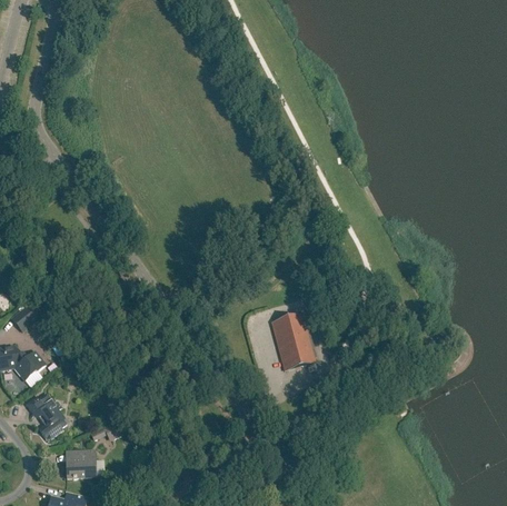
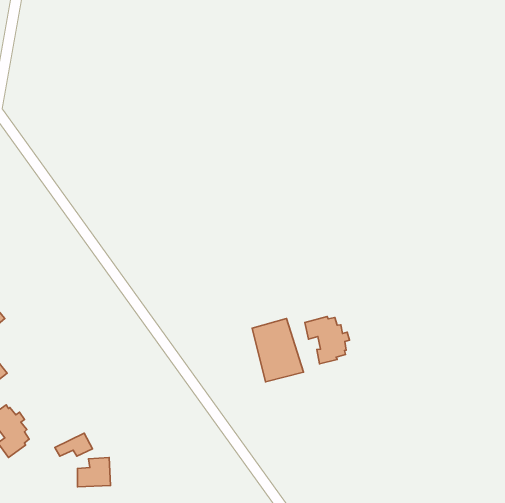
building: none -> [305,317,349,364]
building: [67,450,97,477] -> [78,458,111,487]

